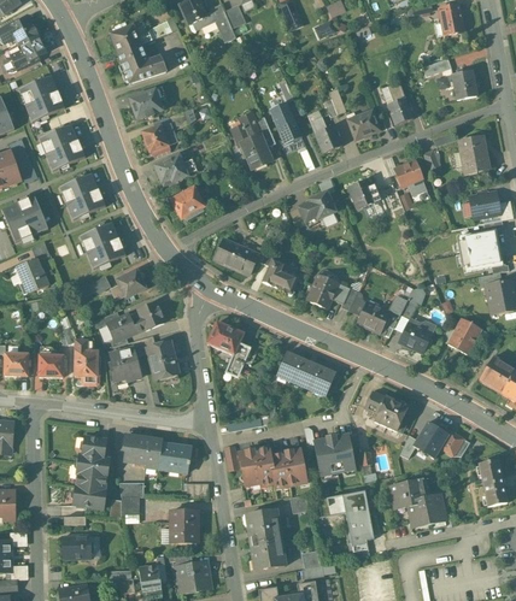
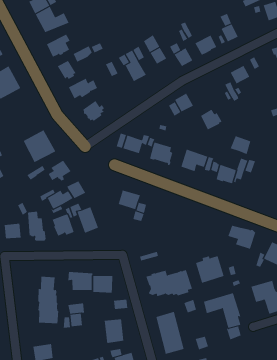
building: [58,172,106,220] -> none
building: [348,179,380,210] -> [200,109,222,130]
building: [398,323,430,353] -> [230,136,251,155]
building: [276,352,335,396] -> none

